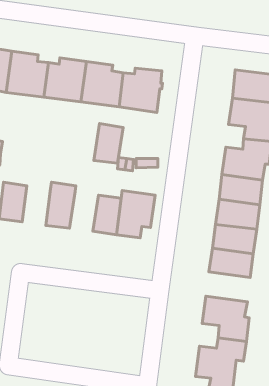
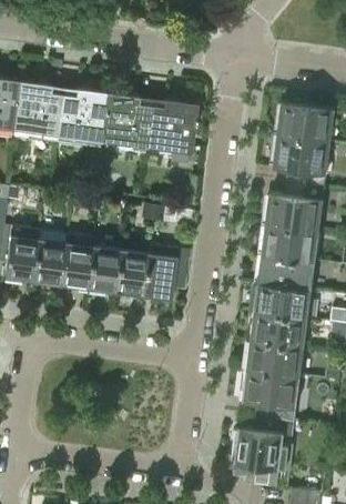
building: [94,124,123,163] -> [85,246,120,293]
building: none -> [30,240,63,286]
building: none -> [246,341,298,376]

